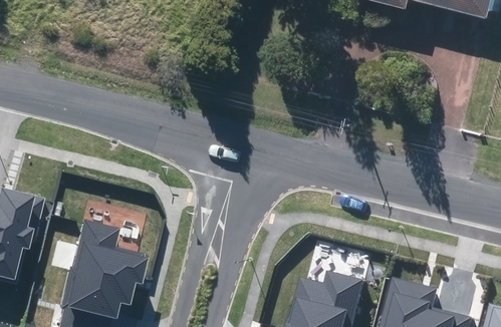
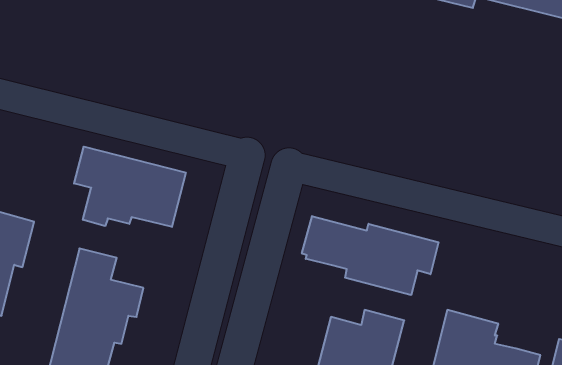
building: none -> [74,147,186,227]
building: none -> [302,216,439,295]

